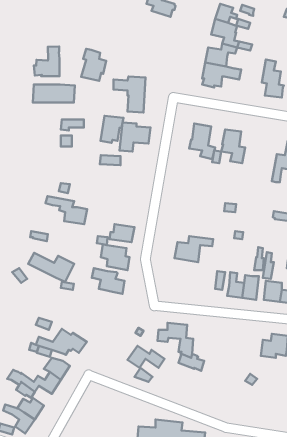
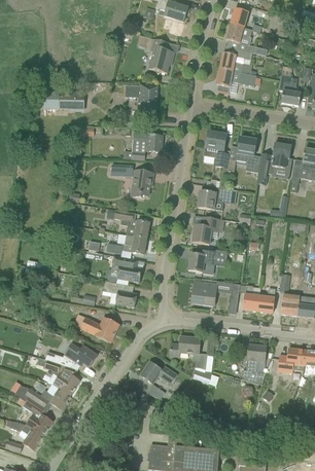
building: [34,47,59,76] -> none
building: [81,49,106,81] -> [148,39,174,72]
building: [101,116,123,143] -> [130,170,153,197]
building: none -> [256,142,292,184]
building: none -> [197,186,232,209]
building: [45,196,87,224] -> [106,209,149,238]
building: none -> [191,216,223,244]
building: [28,253,74,282] -> [72,313,119,342]
building: none -> [191,280,216,305]
building: none -> [242,343,267,384]

